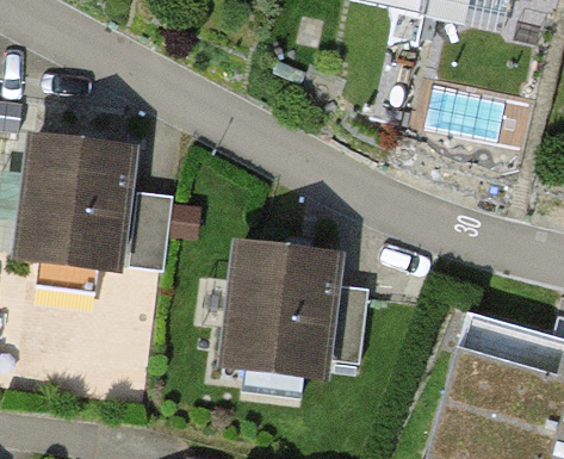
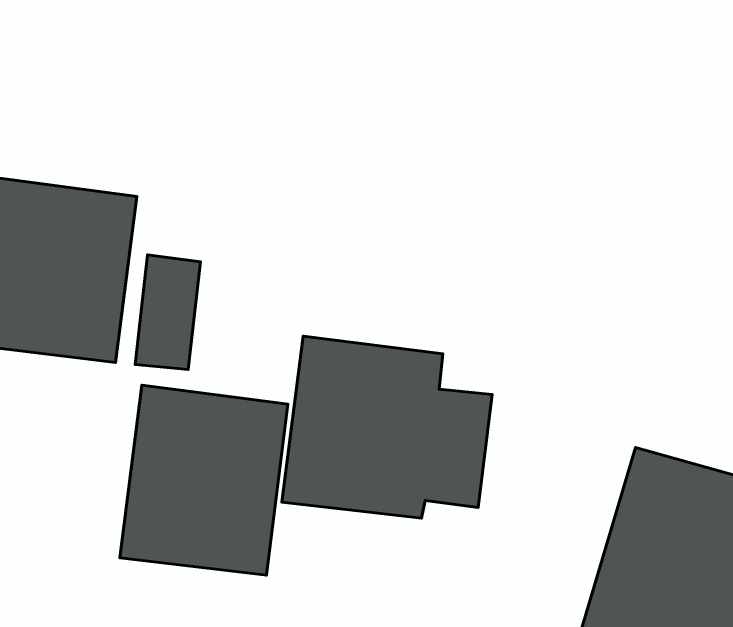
building: none -> [120,385,288,575]

